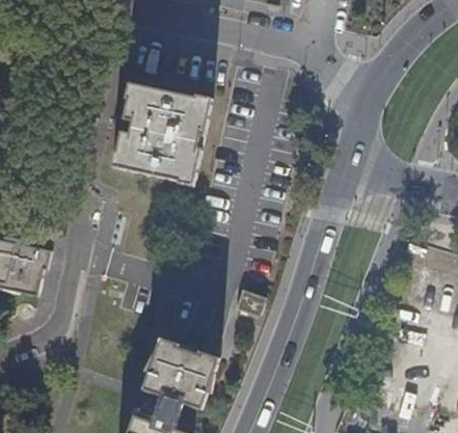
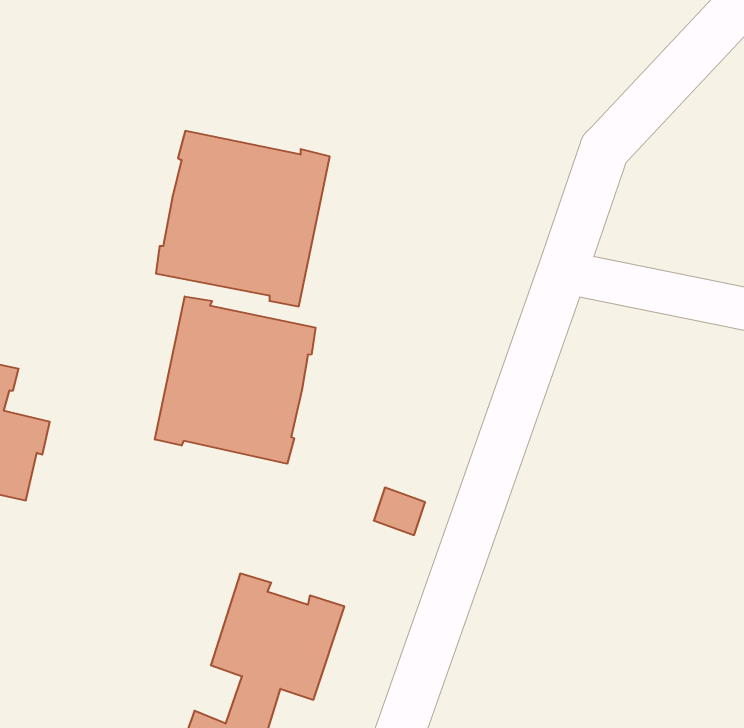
building: none -> [155,296,316,464]

